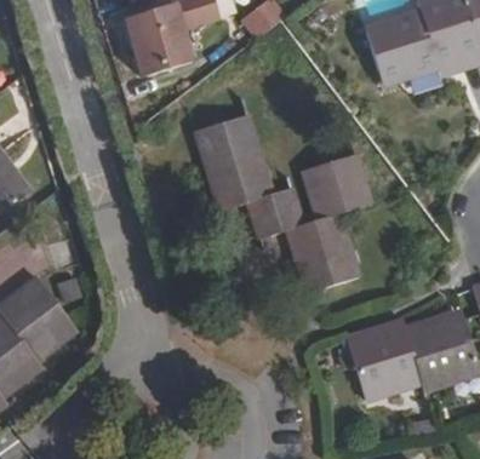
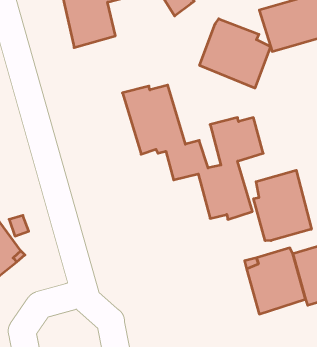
building: none -> [200,19,271,88]
building: none -> [254,170,311,241]

